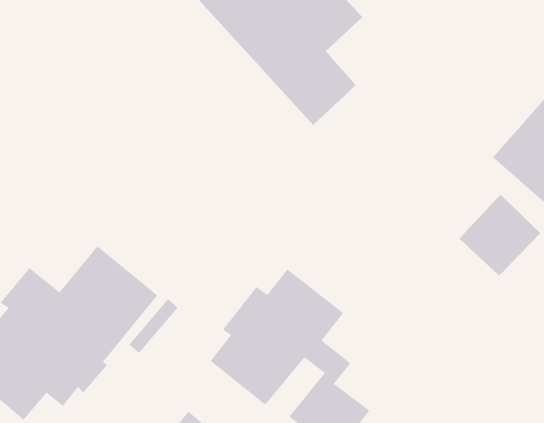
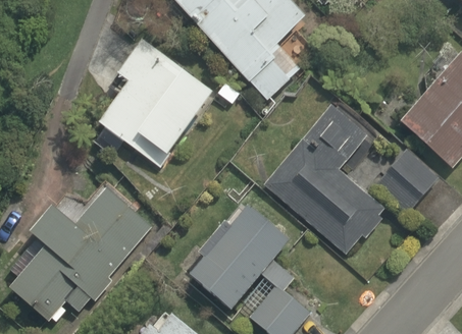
building: none -> [94,40,211,165]
building: none -> [263,104,383,253]

